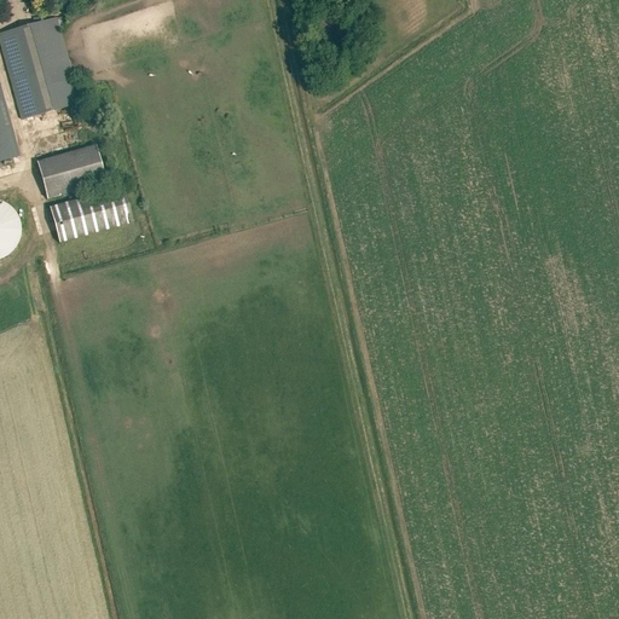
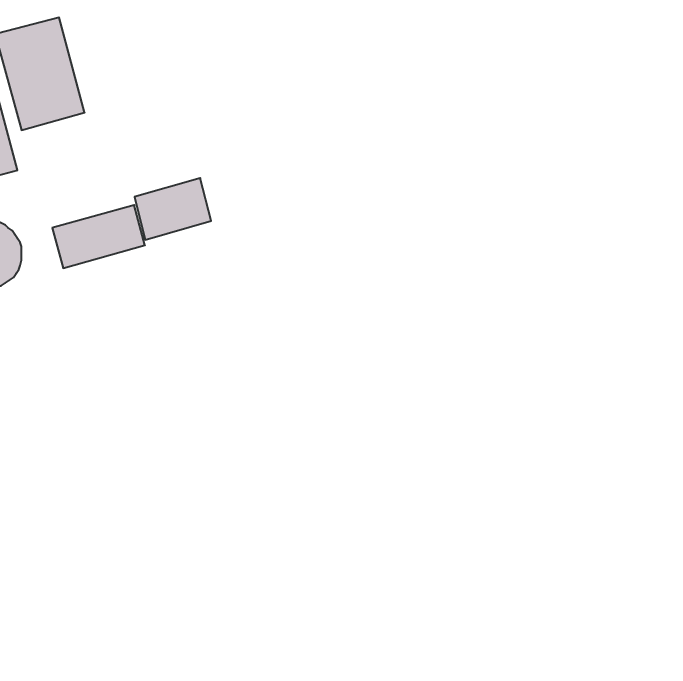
building: [35,144,104,199] -> [135,178,211,240]

